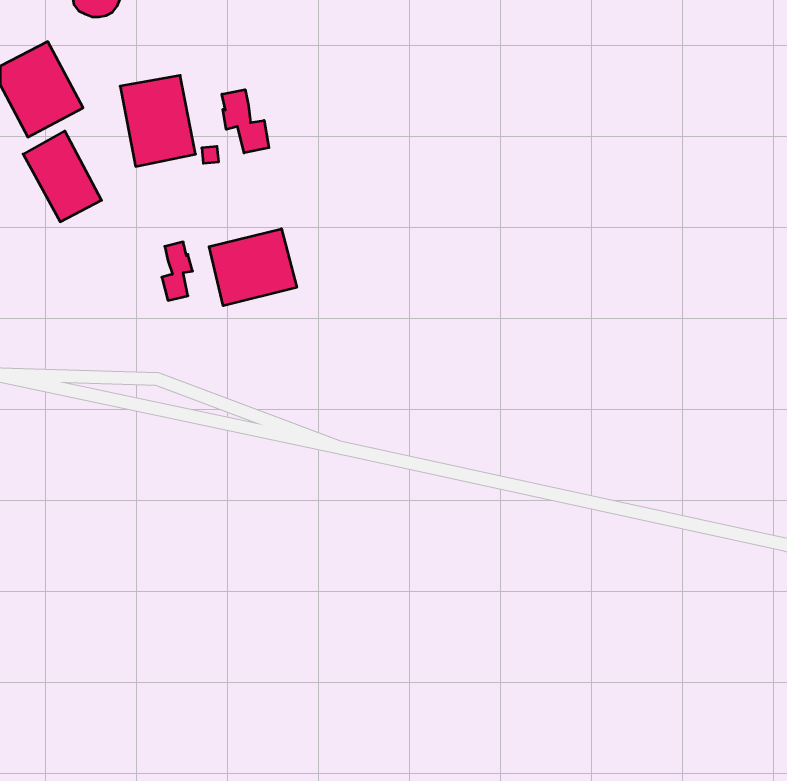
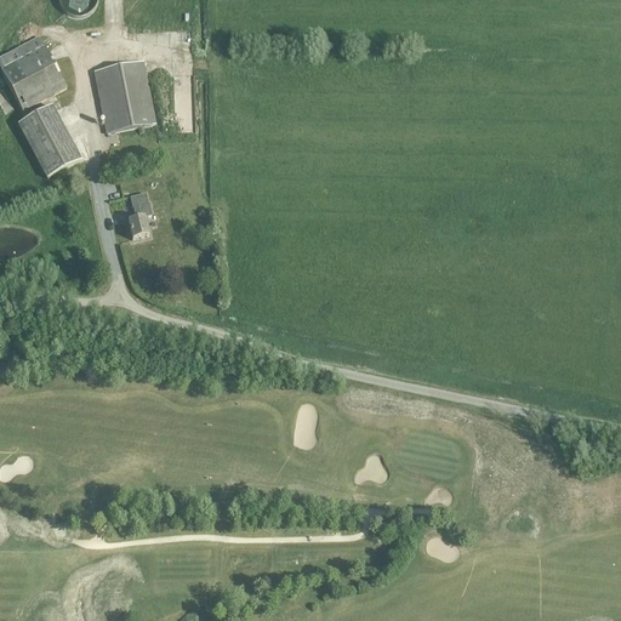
building: [222,90,269,153] -> none
building: [209,229,297,306] -> none

